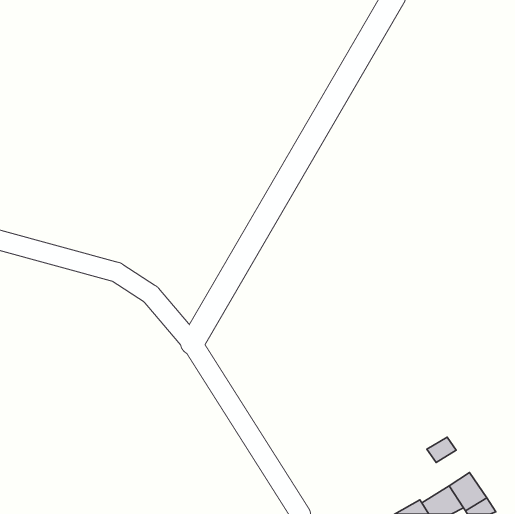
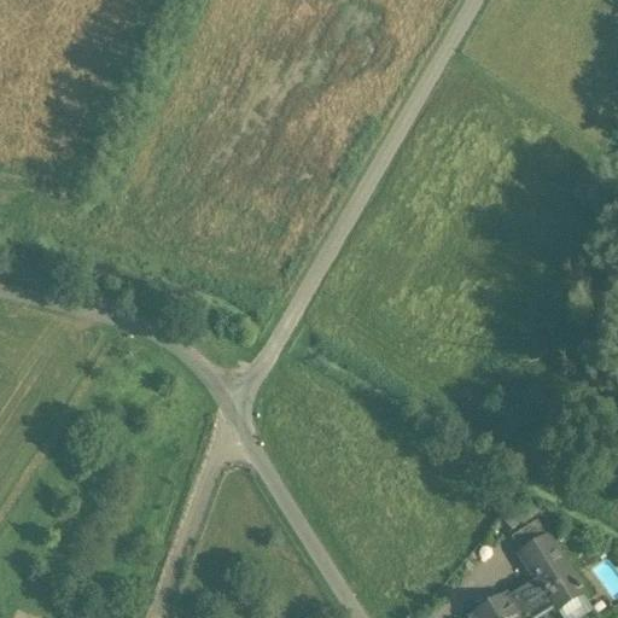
building: none -> [519,537,560,579]

